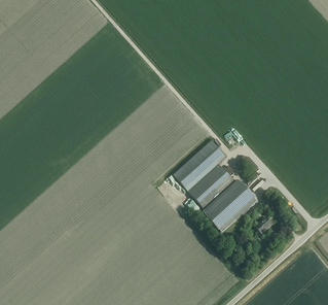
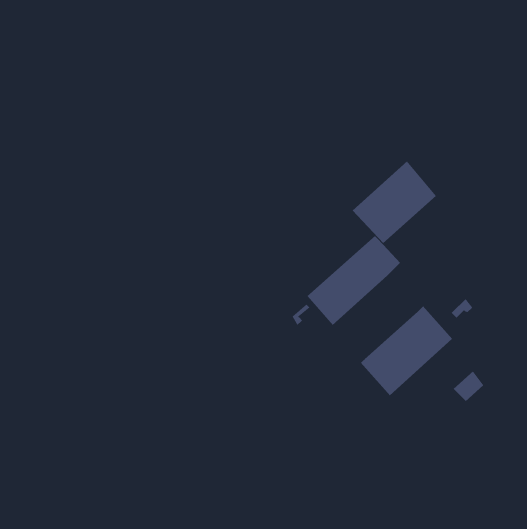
building: [188,163,235,209] -> [352,161,437,244]

